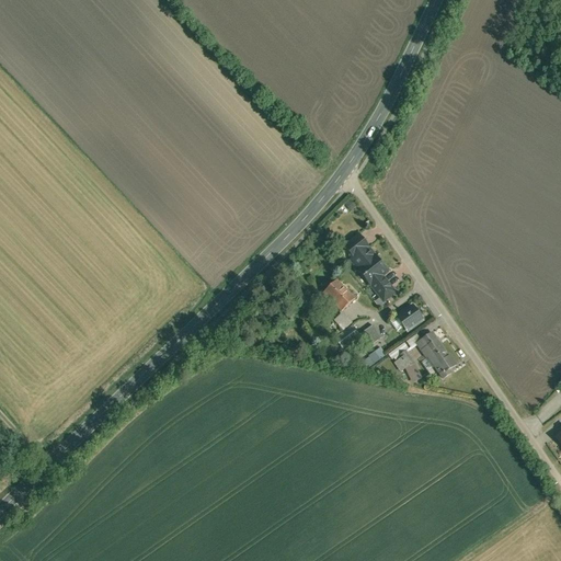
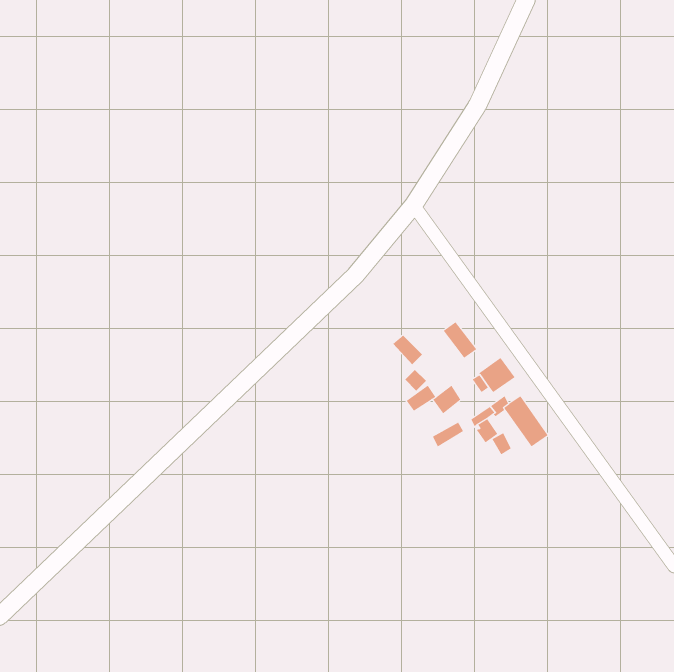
building: [346,237,385,277] -> none

